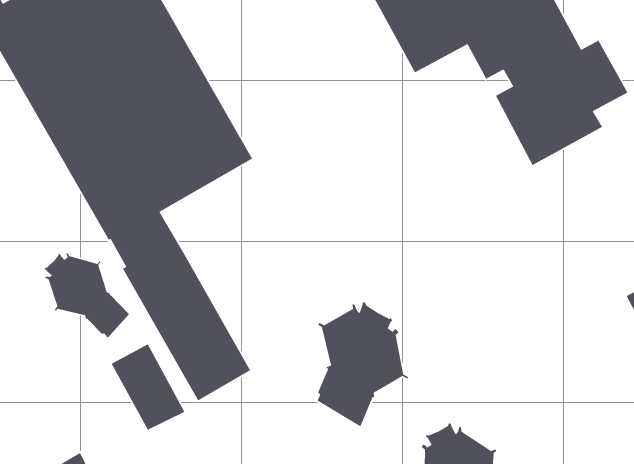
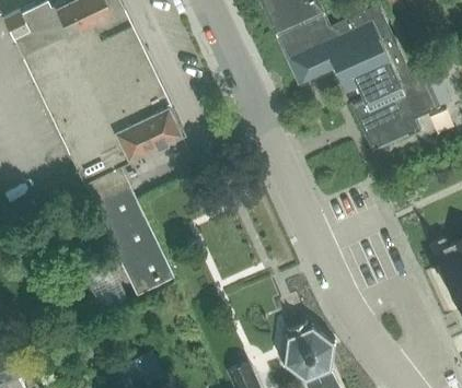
building: [44,252,130,338] -> none
building: [316,301,409,427] -> none

